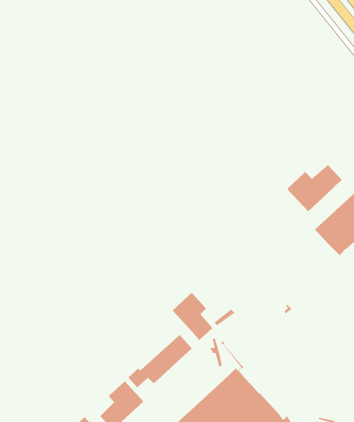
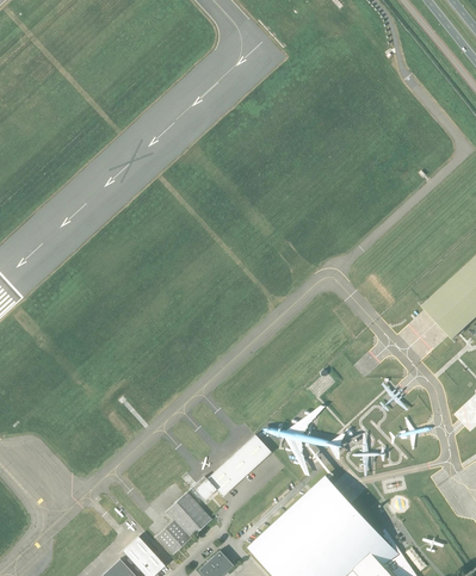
building: [286,164,343,212] -> none
building: [172,292,213,341] -> none

